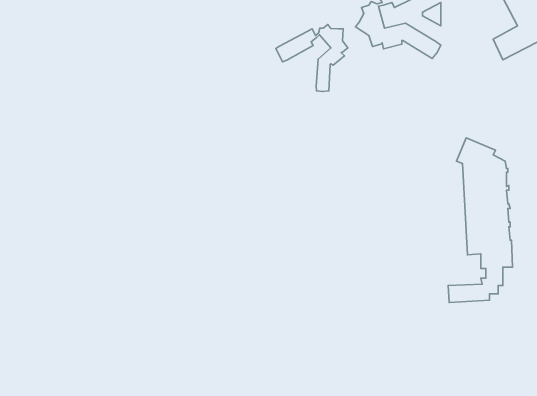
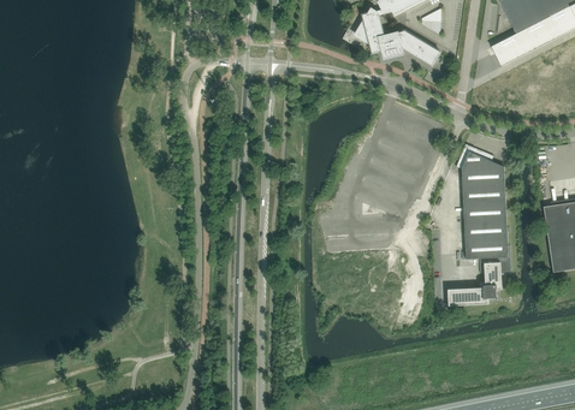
building: [276,24,348,91] -> none

